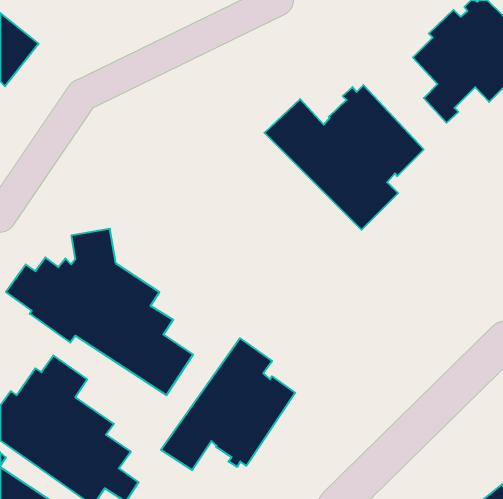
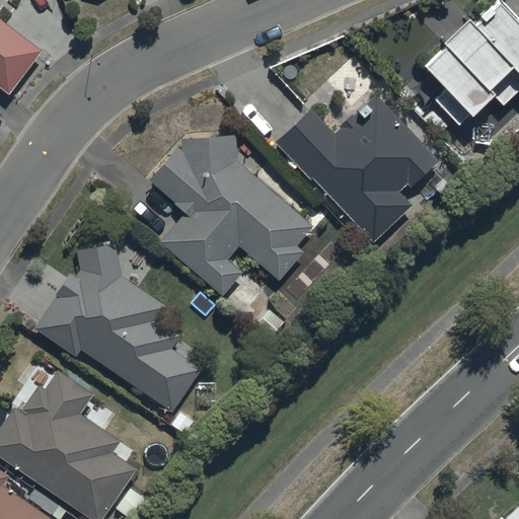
building: none -> [149,136,312,295]
building: [161,338,295,470] -> none

